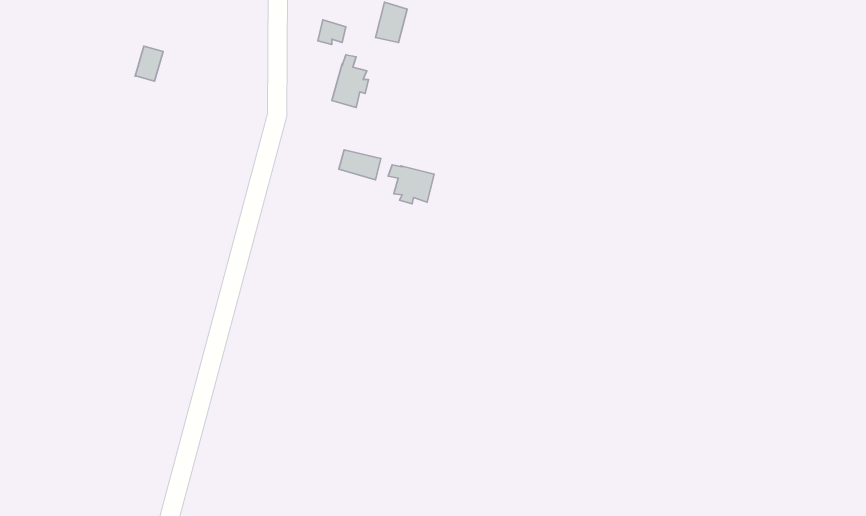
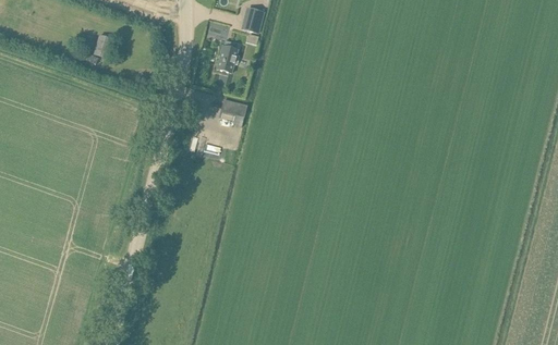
building: [388,165,434,204] -> none

